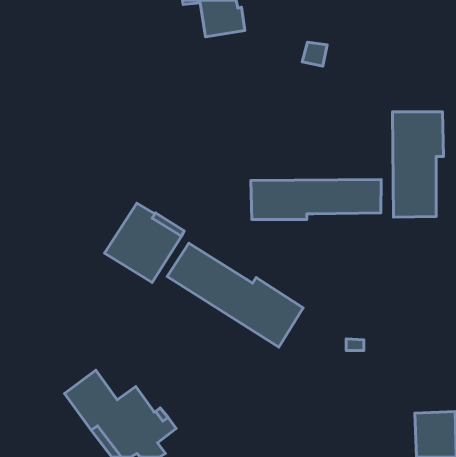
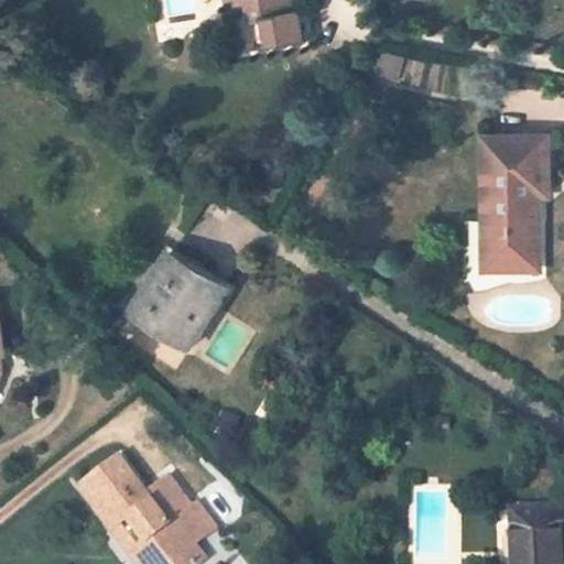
building: [251,179,381,220] -> none
building: [167,243,303,347] -> none

